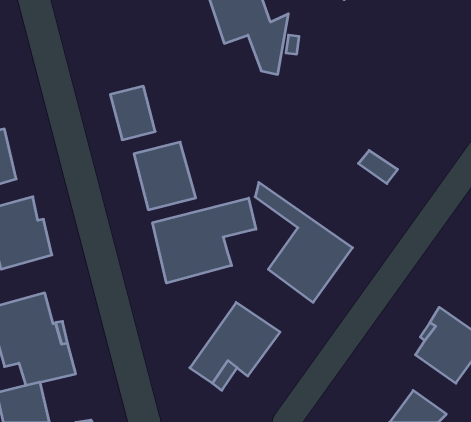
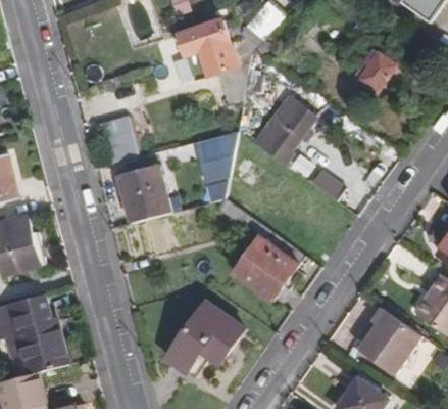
building: none -> [353,53,396,93]
building: none -> [256,98,315,165]
building: none -> [195,132,238,182]
building: [153,198,256,283] -> none

